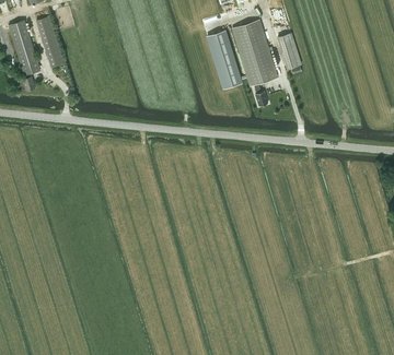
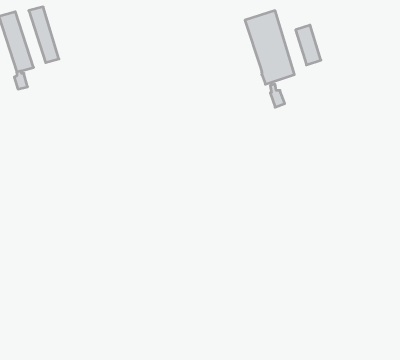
building: [207,31,247,88] -> none

